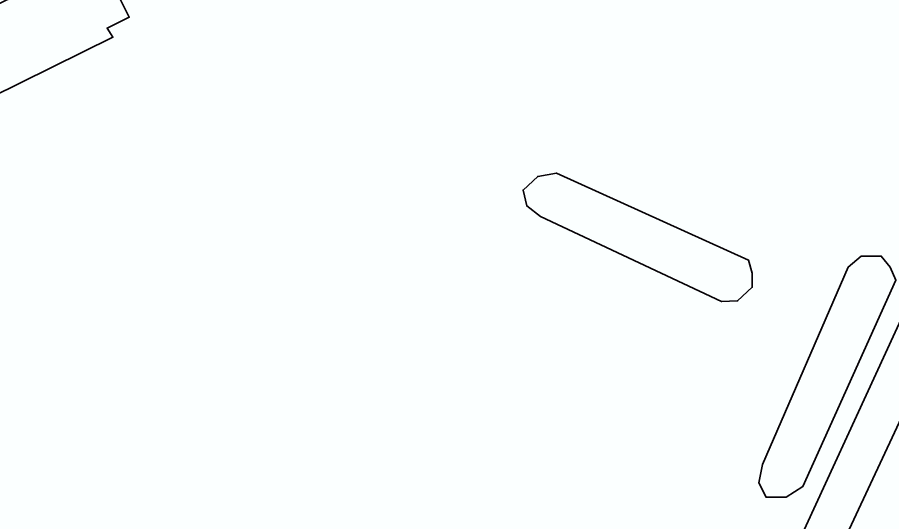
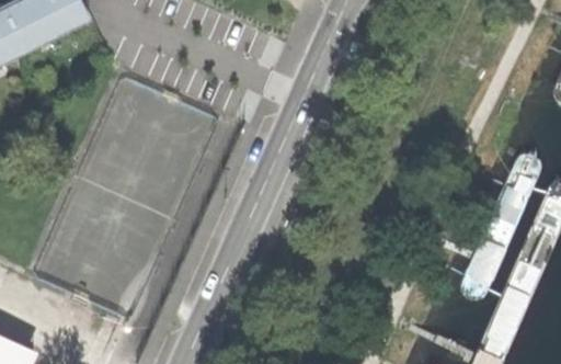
building: [523,173,752,302] -> none

